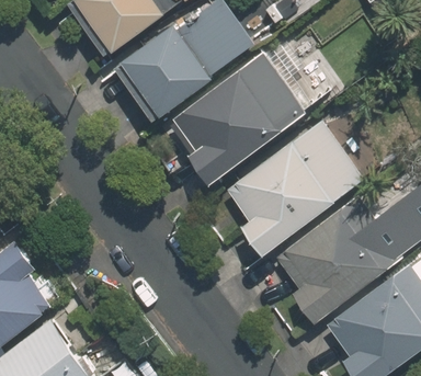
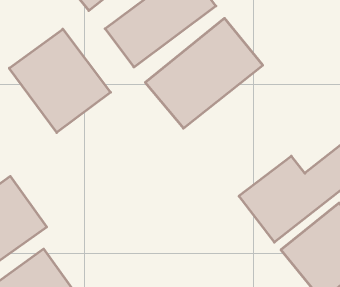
building: none -> [9,29,111,133]
building: [226,123,362,252] -> none

